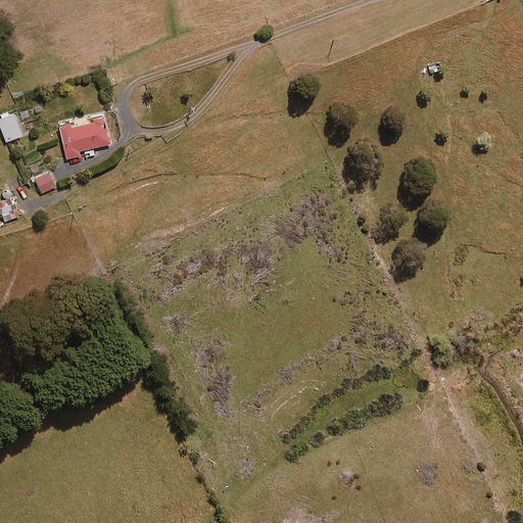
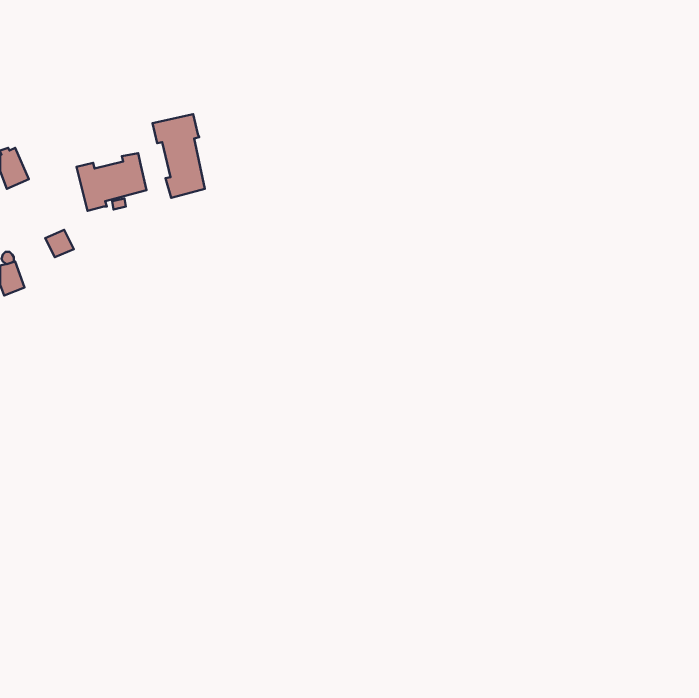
building: none -> [152,114,205,198]

